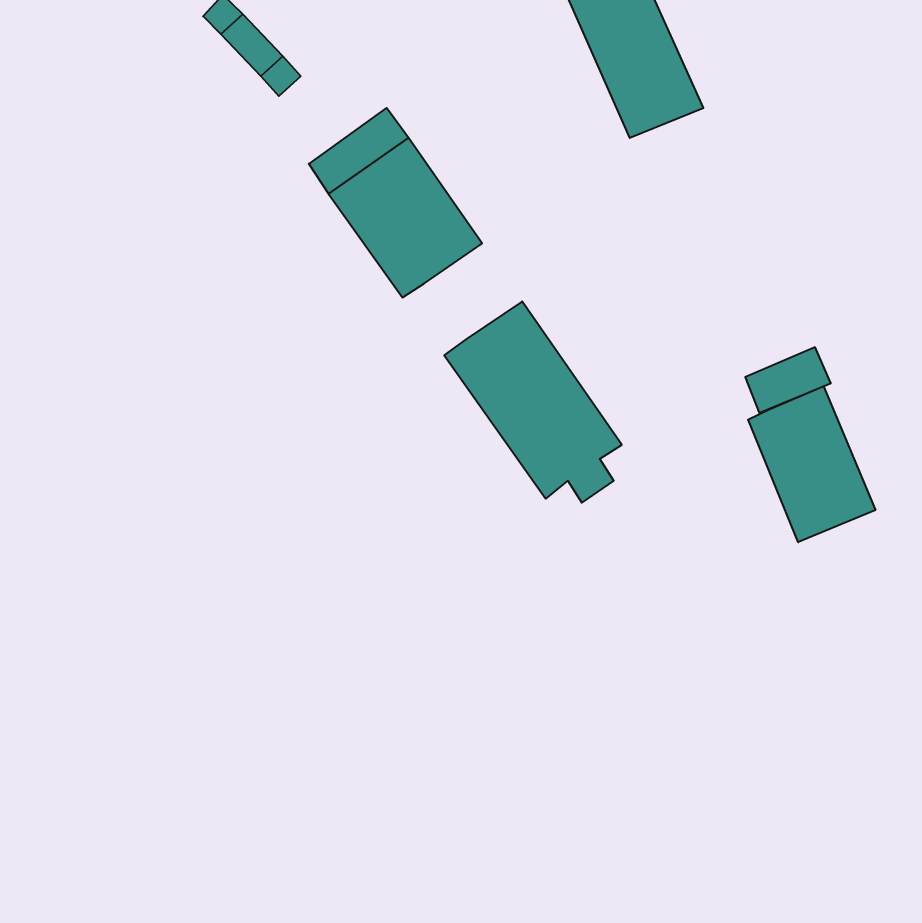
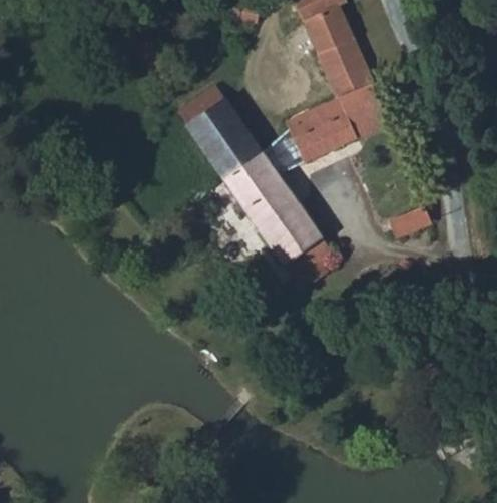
building: none -> [285,84,384,162]
building: none -> [233,152,283,200]
building: [748,386,875,542] -> none

